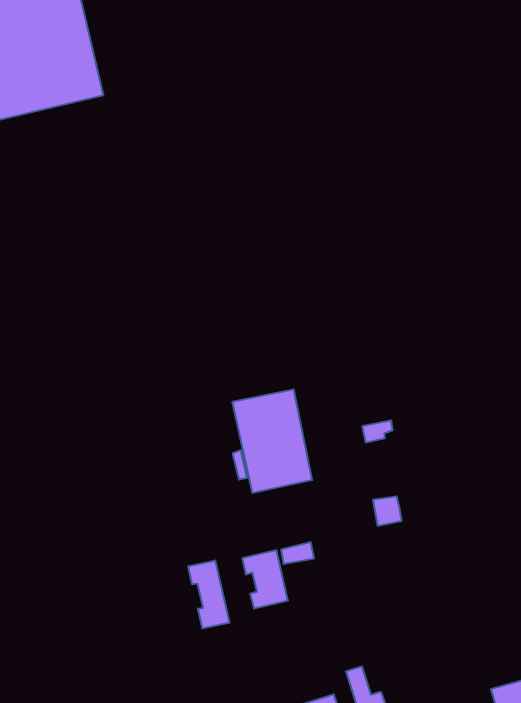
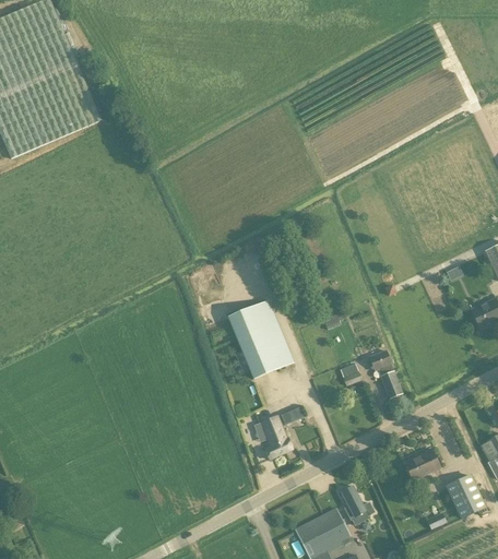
building: none -> [368,350,401,397]
building: [188,560,229,629] -> none
building: none -> [403,449,438,480]

